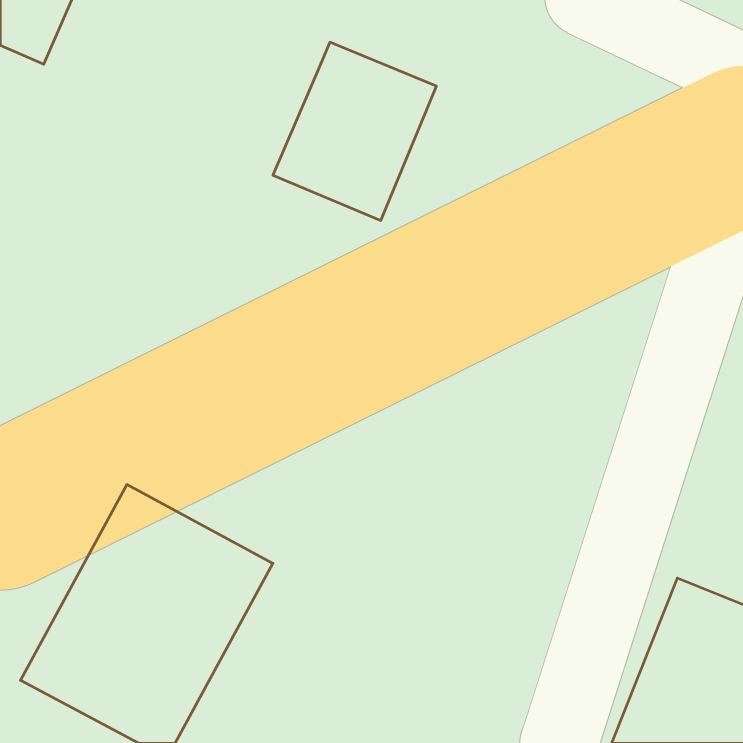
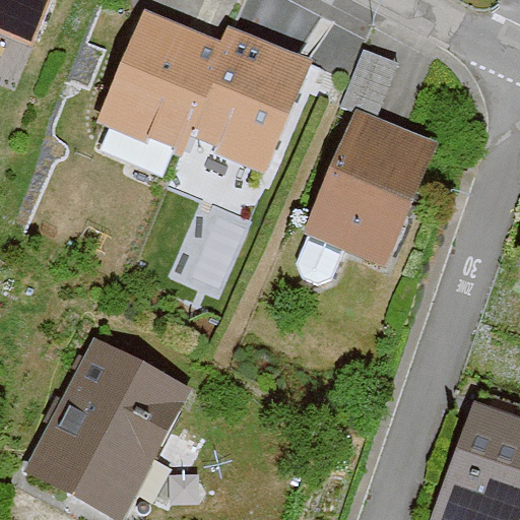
building: none -> [107,11,225,139]
building: none -> [302,113,443,269]

